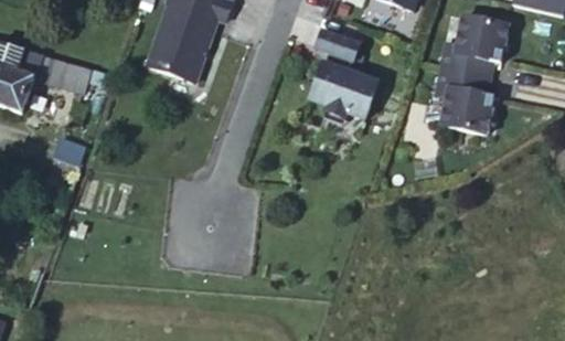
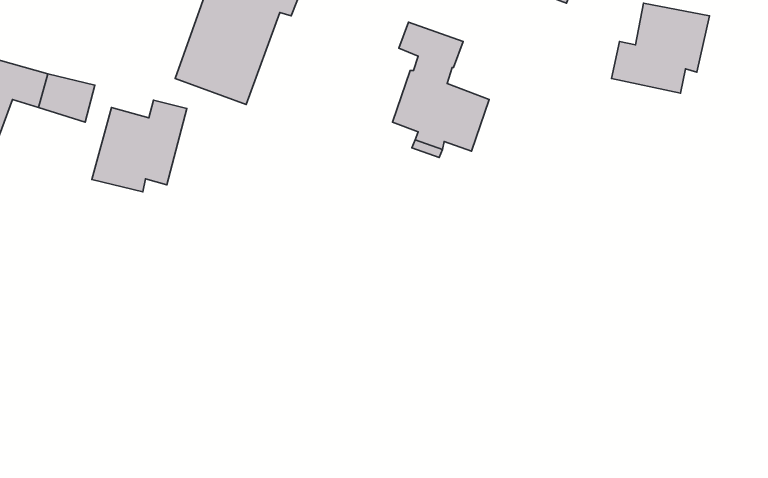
building: [439,63,497,129] -> none
building: none -> [92,100,187,192]

